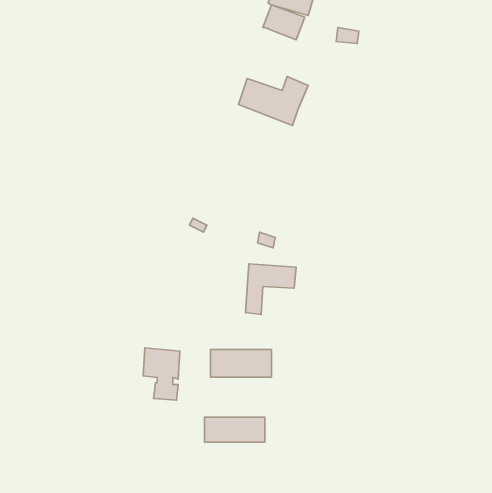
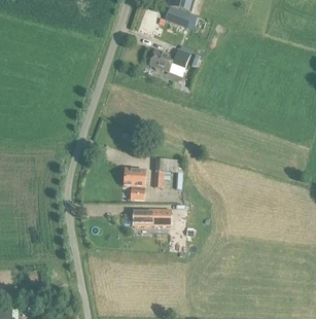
building: [143,348,180,400] -> [124,168,145,199]
building: [205,417,265,442] -> none

